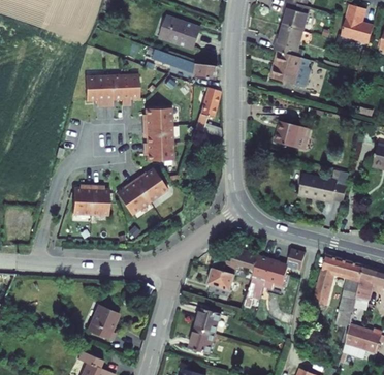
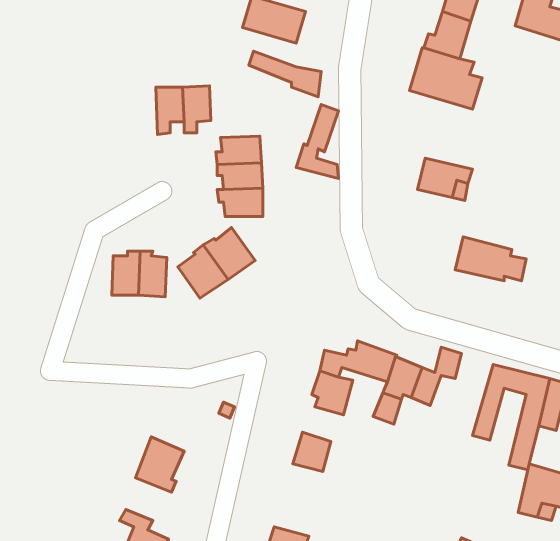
building: [85,75,104,106] -> none
building: [186,322,213,349] -> none

